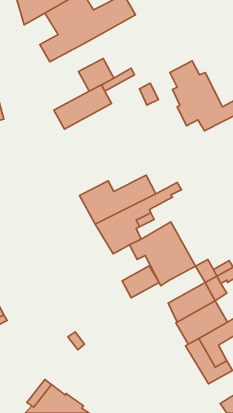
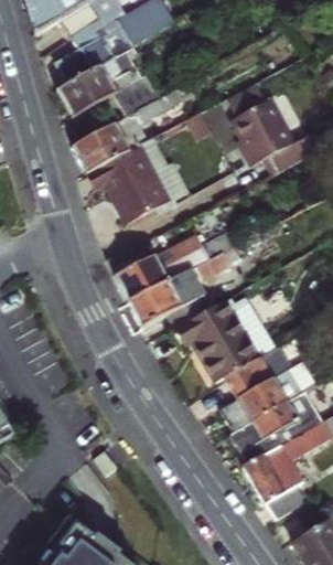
building: none -> [55,56,139,117]
building: none -> [87,138,189,224]
building: [122,266,159,298] -> [226,359,276,402]

